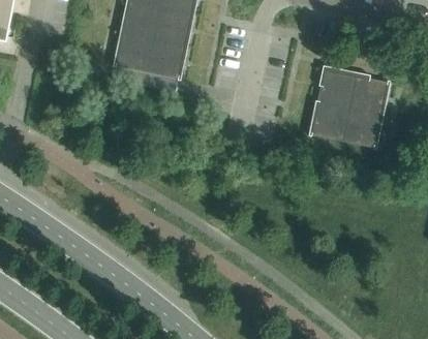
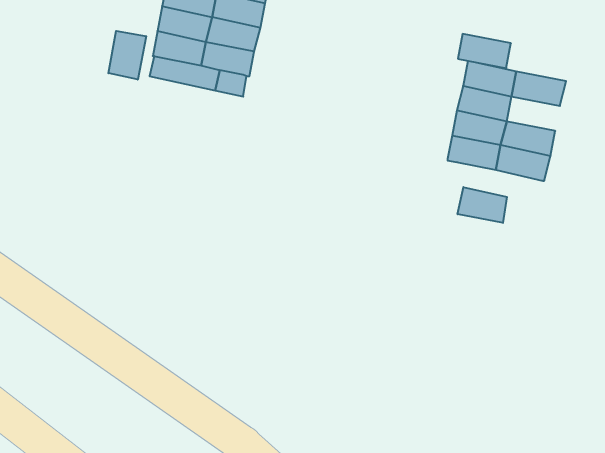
building: none -> [108,31,146,80]
building: [349,90,385,113] -> [458,34,511,68]
building: none -> [458,187,507,223]

